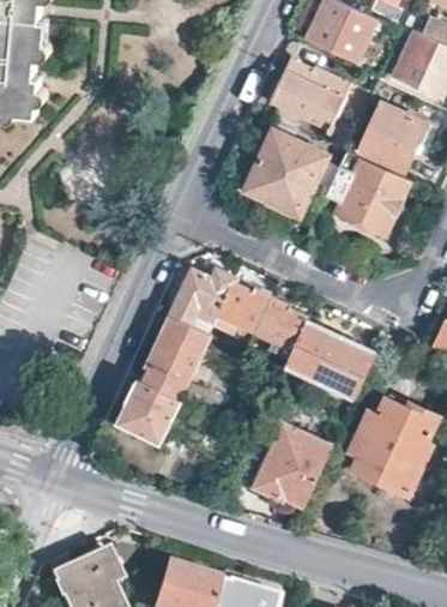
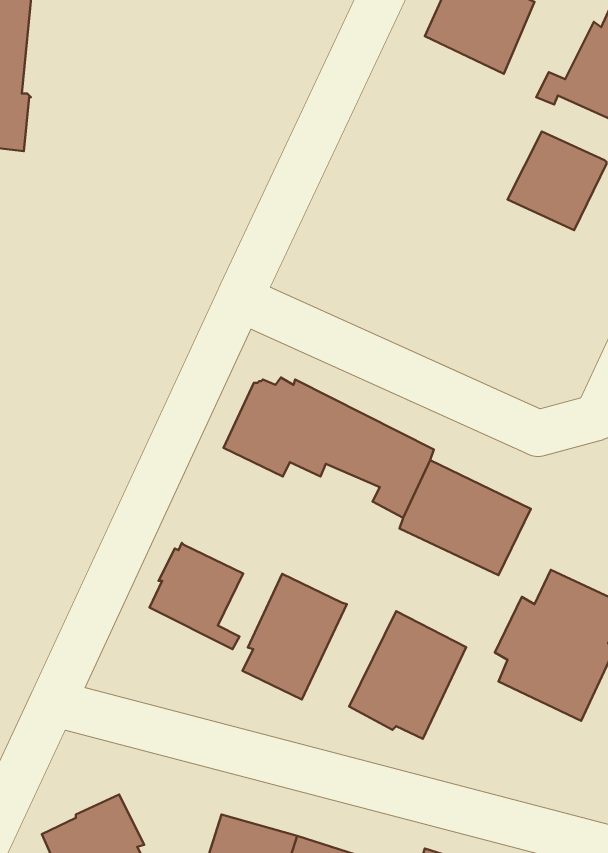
building: [268,59,351,132] -> none
building: [246,131,326,215] -> none
building: [326,150,410,234] -> none
building: [143,314,212,398] -> [243,574,347,700]

